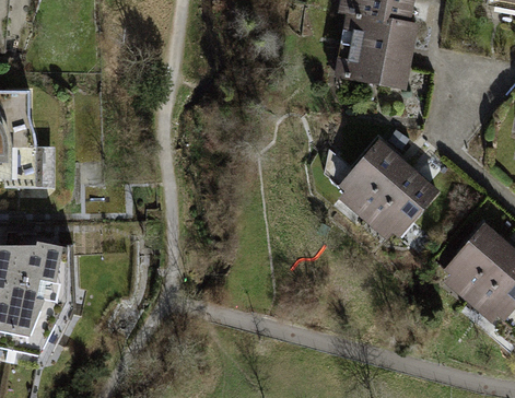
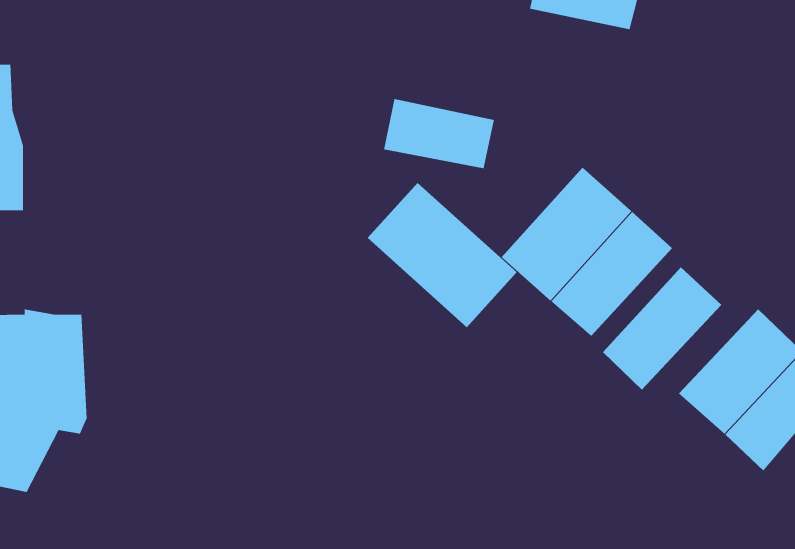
building: [340,43,409,86] -> [383,98,495,169]
building: none -> [367,182,518,328]
building: none -> [602,267,722,390]

